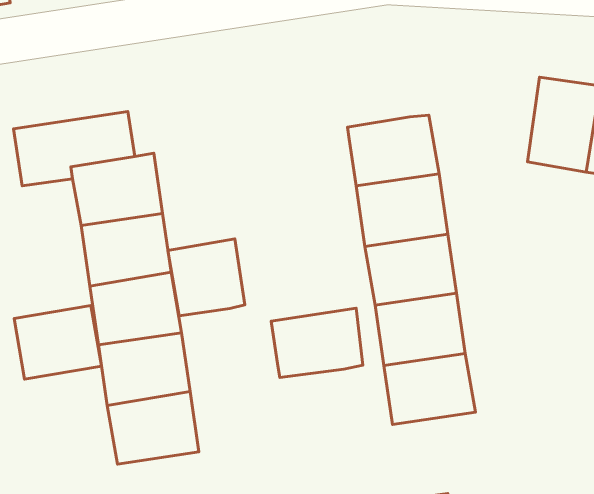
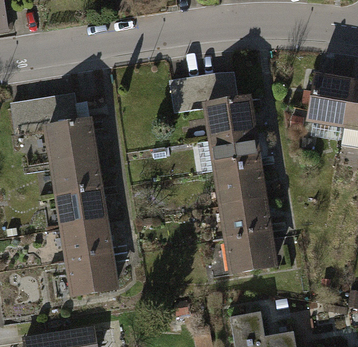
building: none -> [170,70,239,114]
building: [168,239,245,316] -> none
building: [14,306,101,379] -> none
building: [271,308,363,378] -> none

